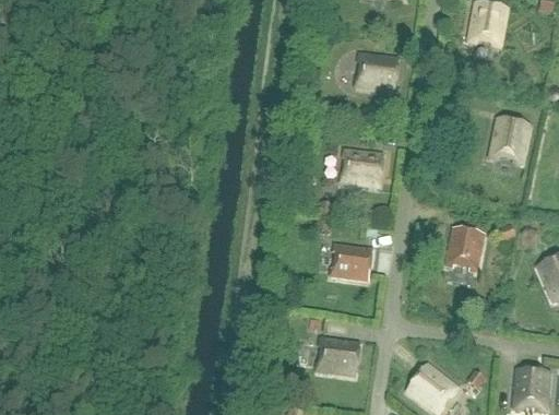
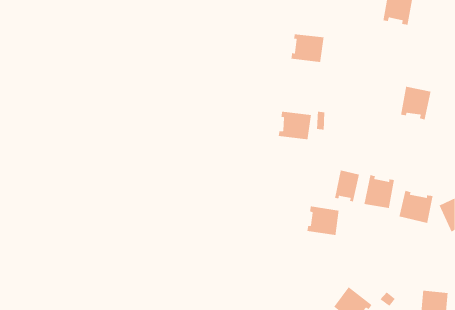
building: none -> [334,169,360,202]
building: [331,242,371,280] -> [307,206,340,236]
building: none -> [399,190,434,224]
building: [317,337,358,374] -> none

